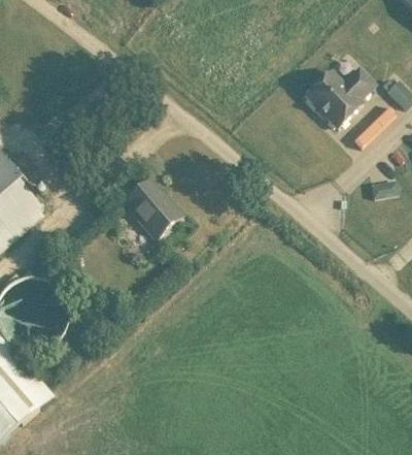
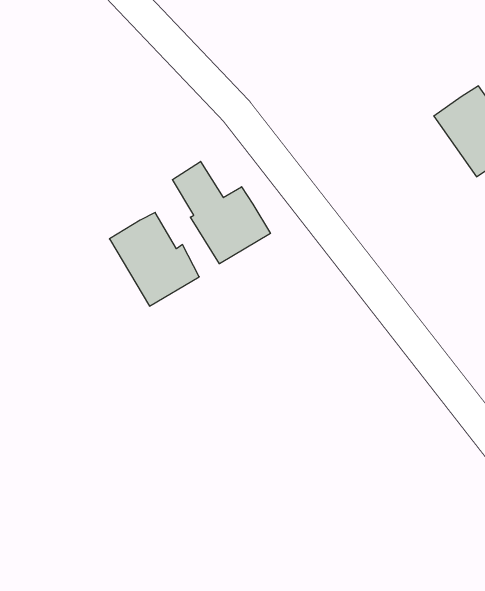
building: none -> [172,161,270,264]

